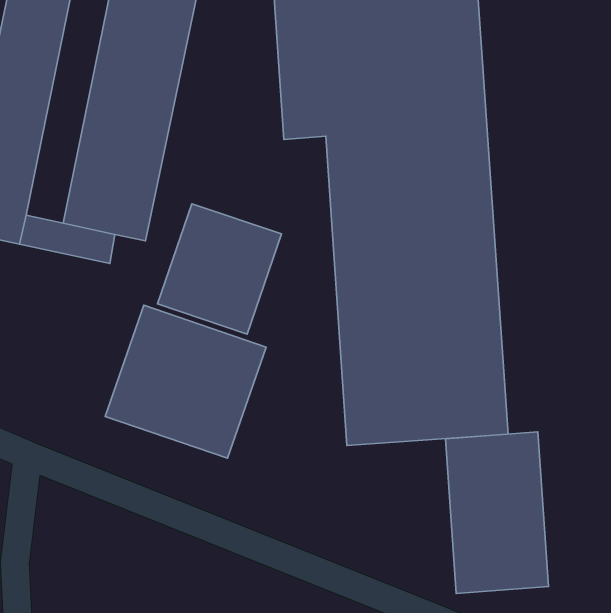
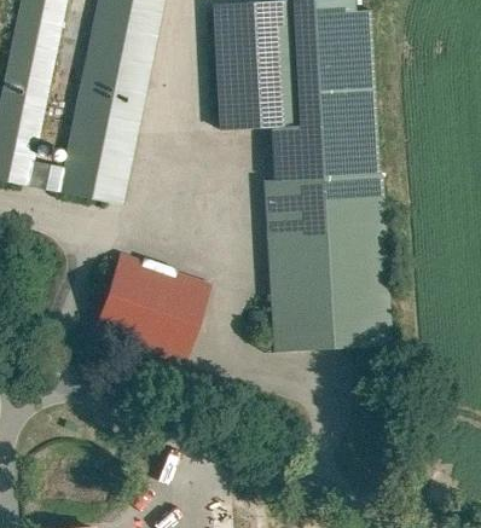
building: [158,204,281,334] -> none
building: [445,432,548,594] -> none

